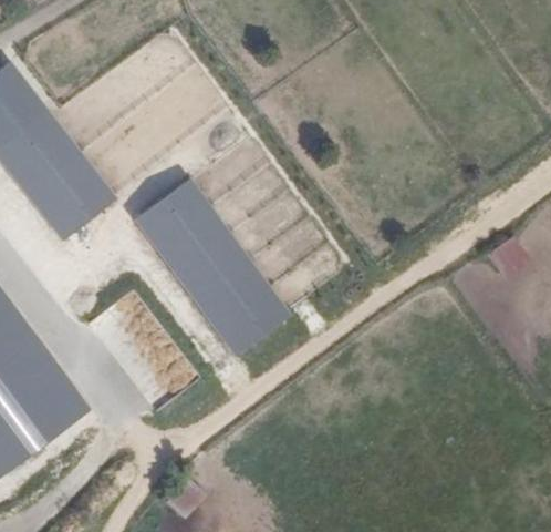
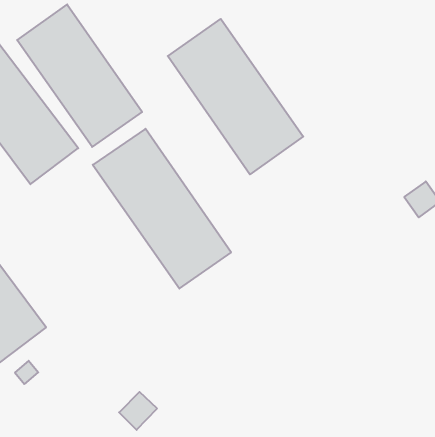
building: none -> [17,4,142,147]
building: none -> [168,19,303,174]

